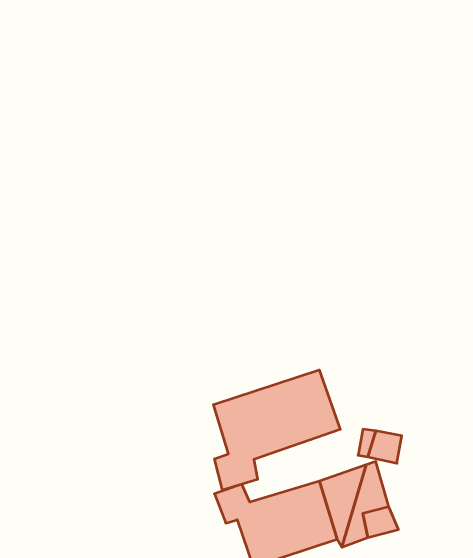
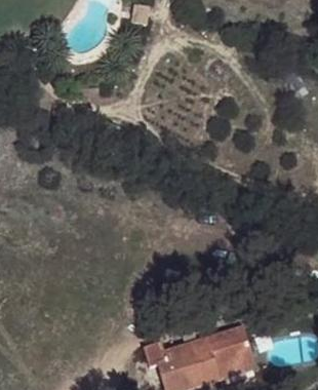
building: [213,370,340,490] -> none

